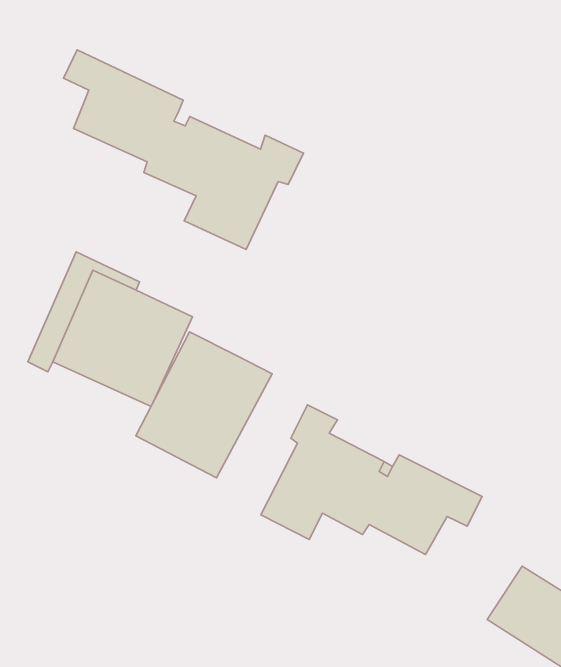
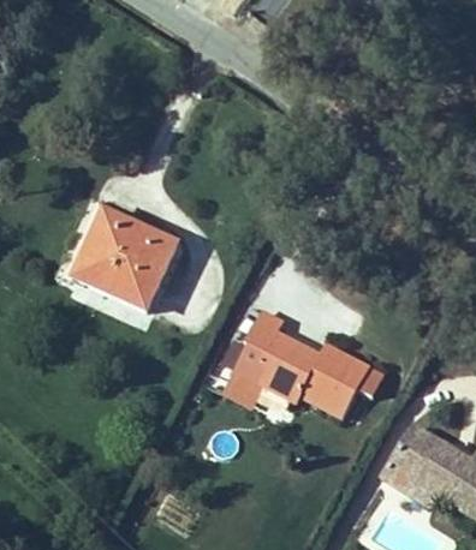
building: [64,50,303,250] -> none
building: [136,332,272,478] -> none

